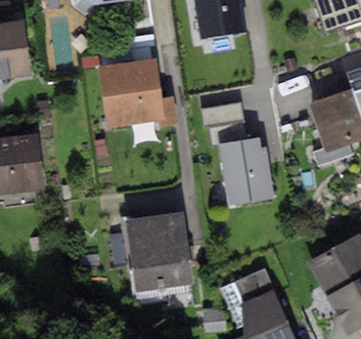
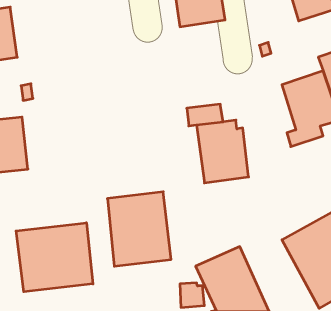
building: [97,57,177,127] -> none
building: none -> [16,223,93,292]

